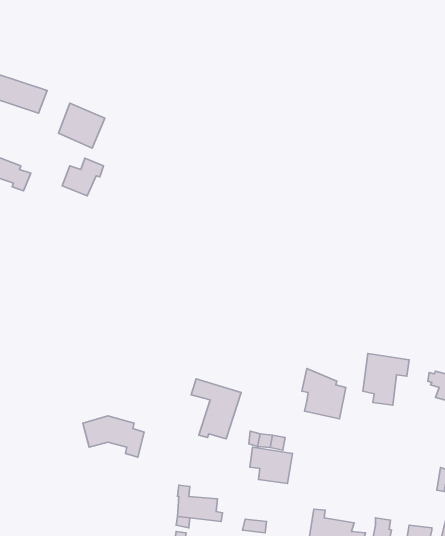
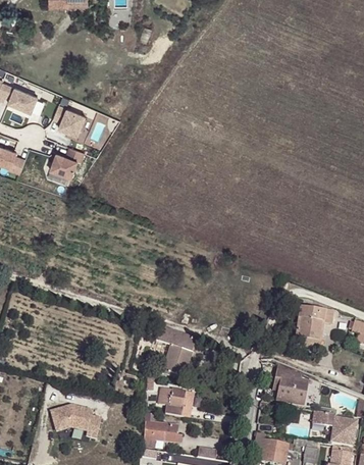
building: [302,369,346,419] -> [273,365,309,406]
building: [83,416,144,457] -> [51,405,101,438]
building: [250,447,292,483] -> [159,387,194,417]
building: none -> [312,411,357,446]

